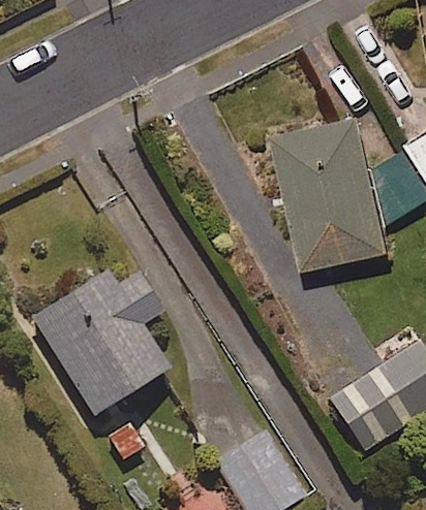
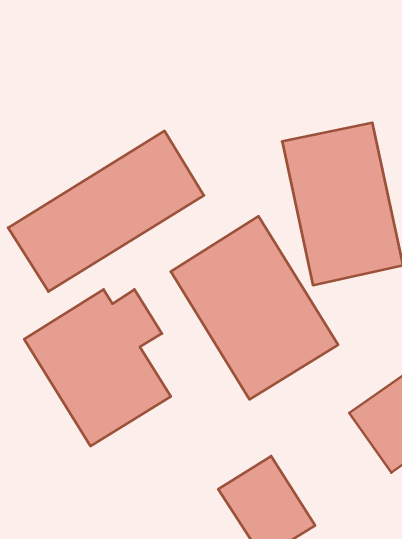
building: none -> [8,131,204,292]
building: none -> [171,216,338,399]

